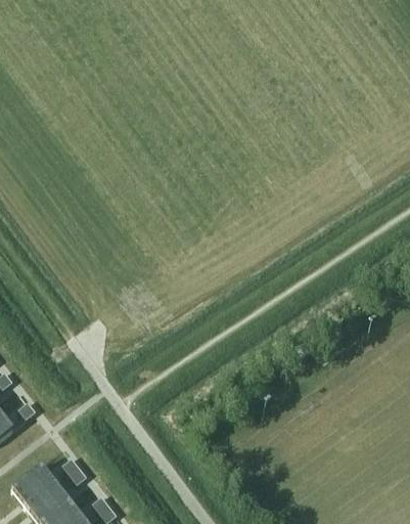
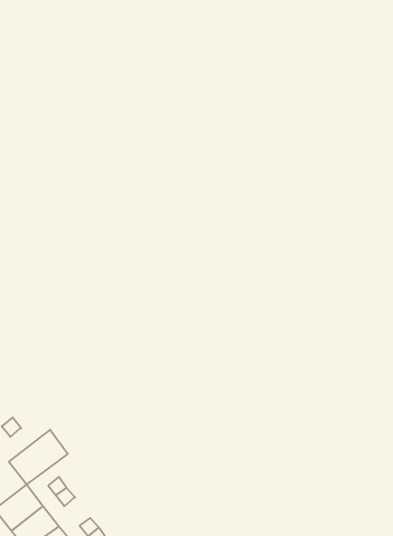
building: none -> [9,430,68,484]

